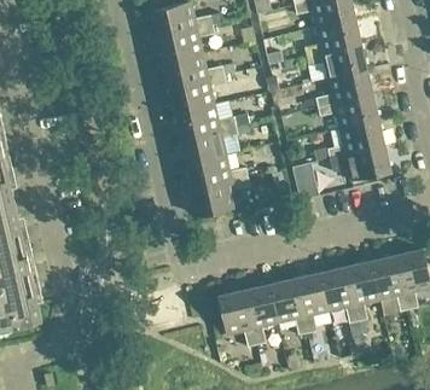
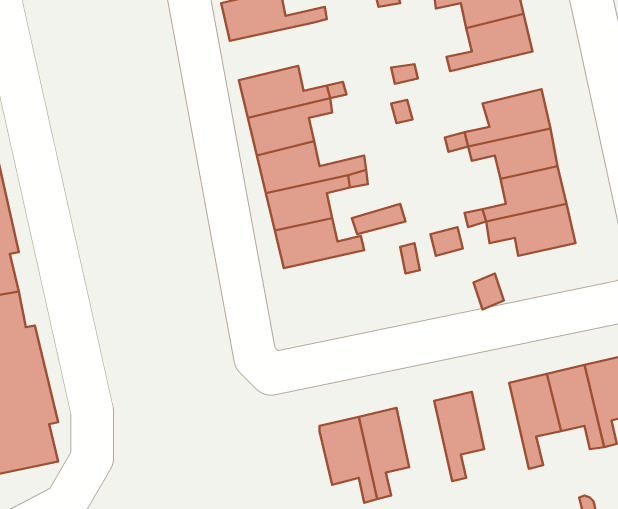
building: [157,23,215,62] -> none
building: [306,42,367,77] -> none
building: [193,176,250,215] -> none
building: [320,266,359,326] -> none
building: [269,278,307,334] -> none

